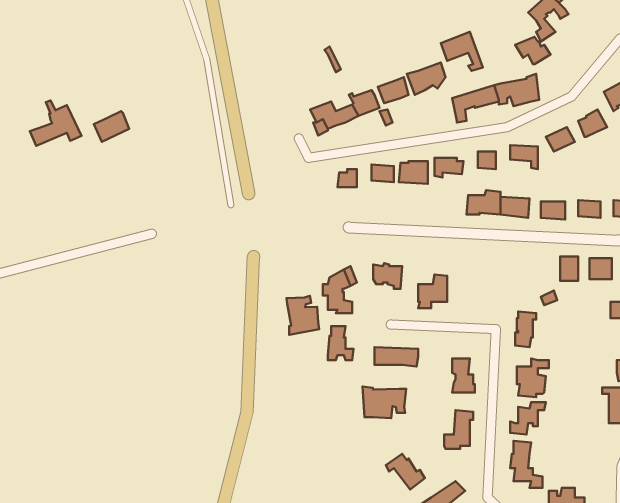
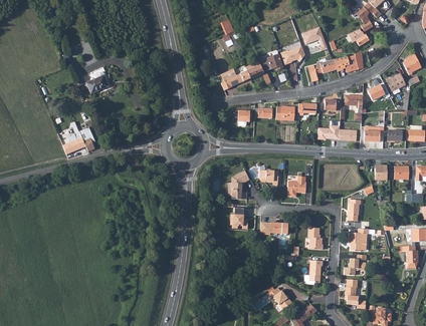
building: [30,100,81,146] -> [62,125,94,153]
building: [286,296,319,335] -> none
building: [363,386,406,418] -> none

